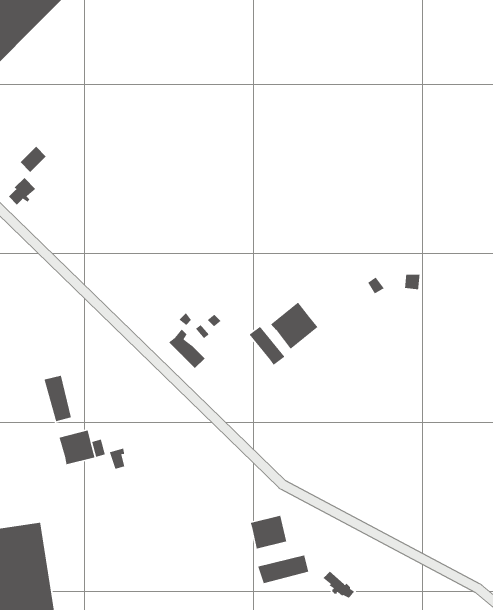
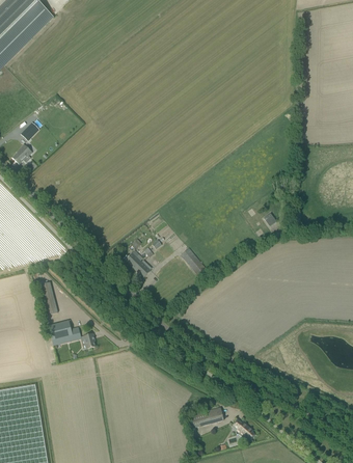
building: [270,301,319,350] -> none
building: [250,515,287,549] -> none

